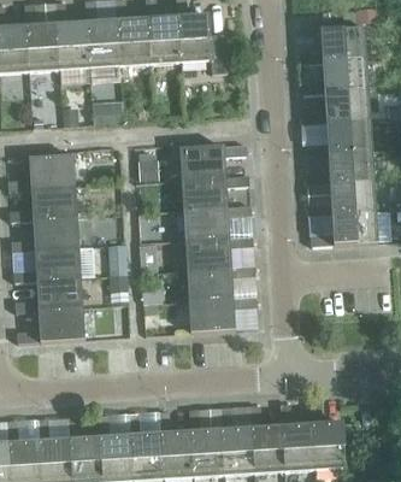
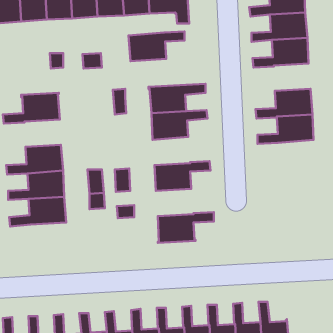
building: [303,119,370,154] -> none
building: [8,186,75,221] -> none
building: [183,205,249,240] -> [128,31,184,61]
building: [308,210,377,246] -> none
building: [187,265,254,300] -> none
building: [16,307,83,342] -> none

